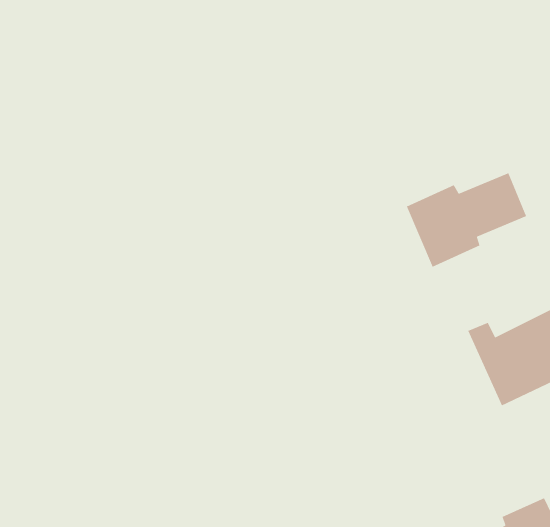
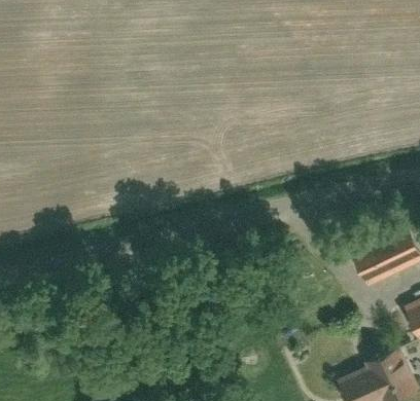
building: [406,172,527,268] -> none

